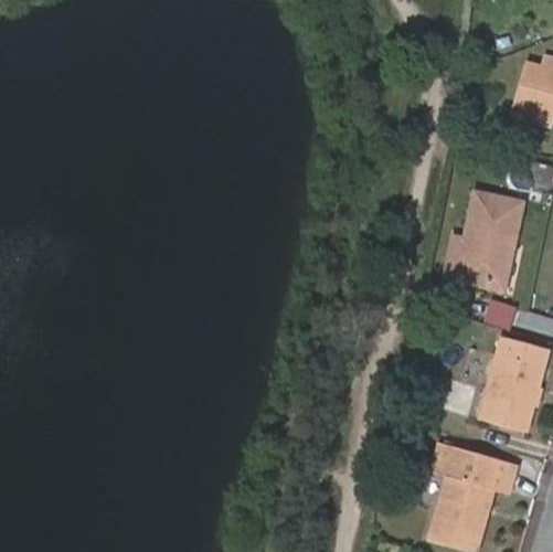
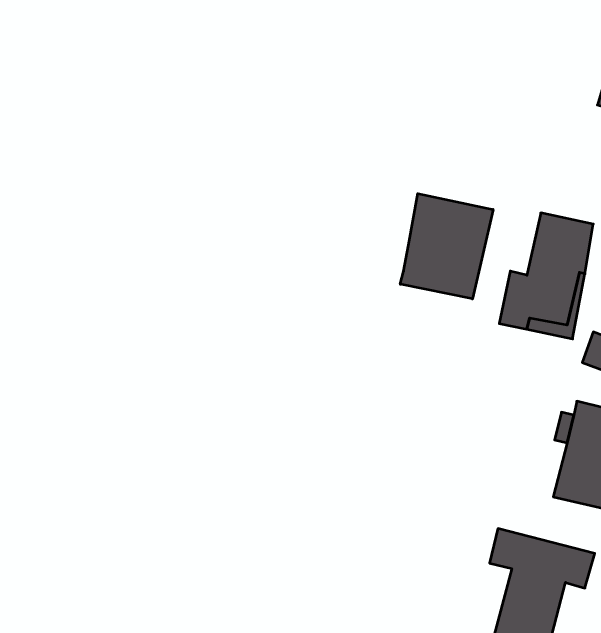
building: none -> [400,194,493,299]

